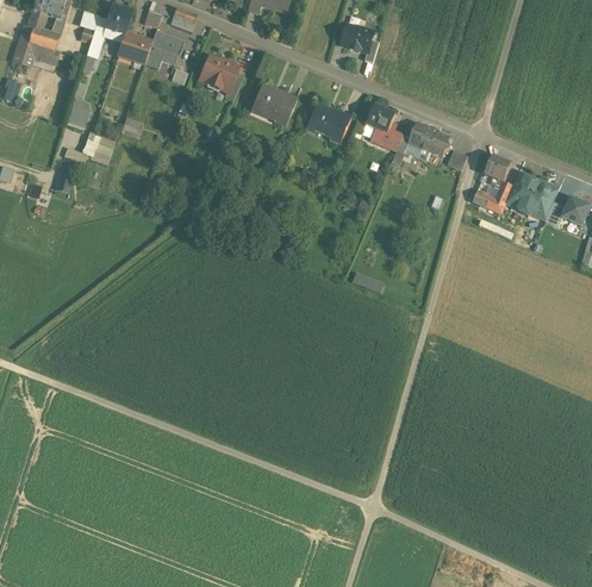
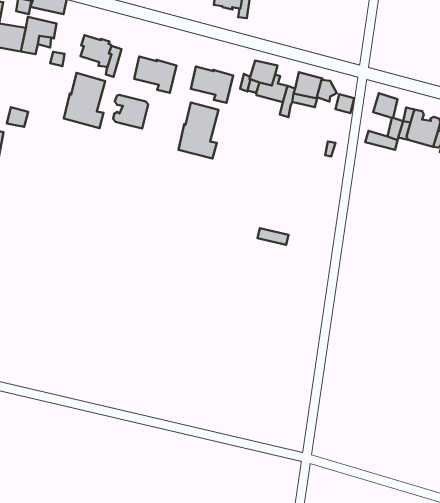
building: none -> [64,73,105,128]
building: none -> [113,95,148,129]
building: none -> [178,102,218,158]

